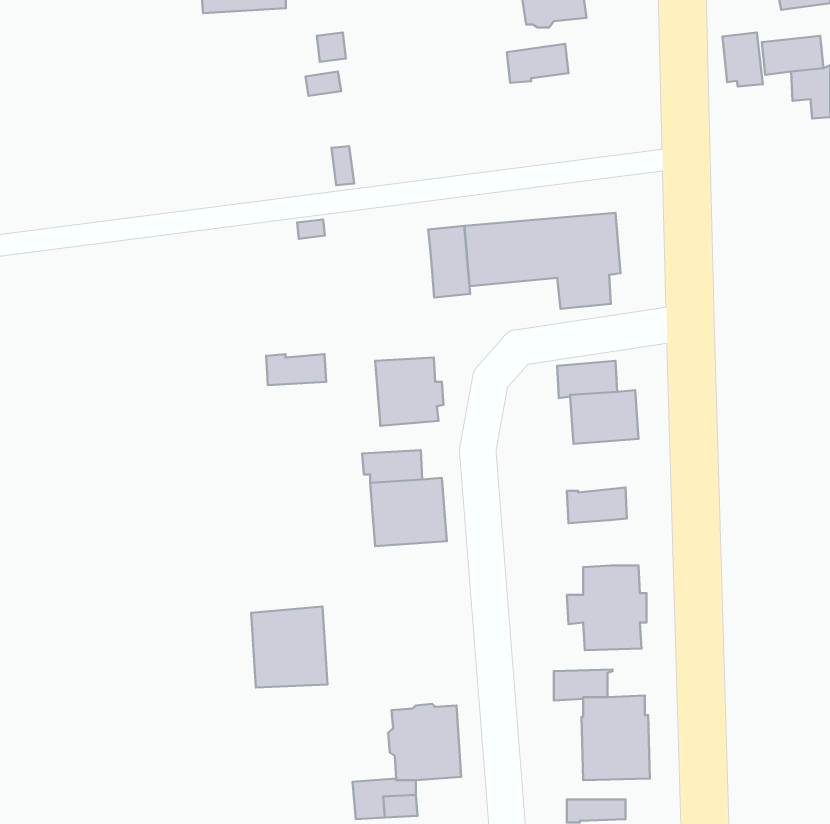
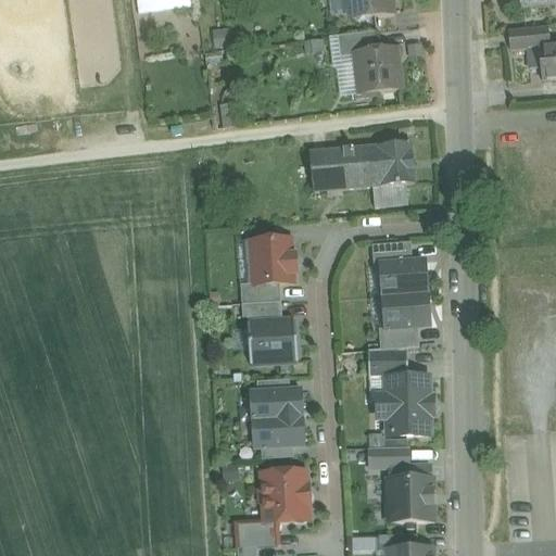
building: [723,33,763,86] -> none
building: none -> [355,48,402,92]
building: [428,226,470,297] -> none
building: [266,354,326,385] -> [241,282,281,303]
building: none -> [383,293,430,329]
building: none -> [369,348,408,379]
building: [251,606,327,688] -> [252,391,303,445]

